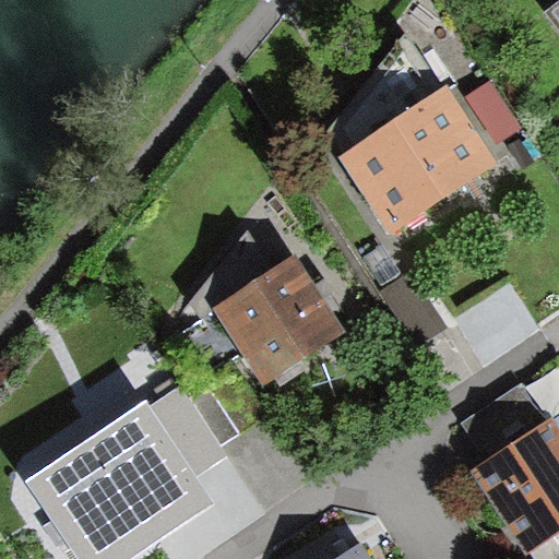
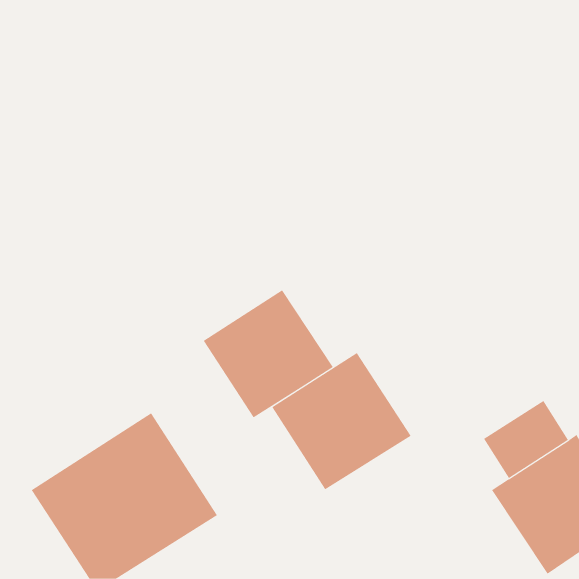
building: [346,83,500,225] -> none
building: none -> [271,352,412,490]

